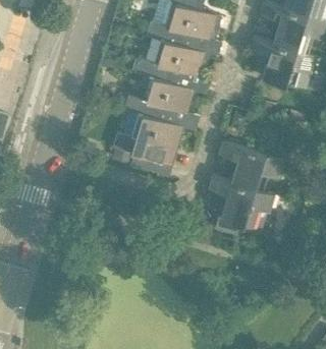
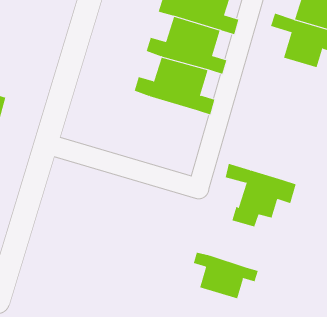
building: [111,114,189,173] -> none
building: [219,140,286,191] -> none
building: none -> [193,252,258,299]

